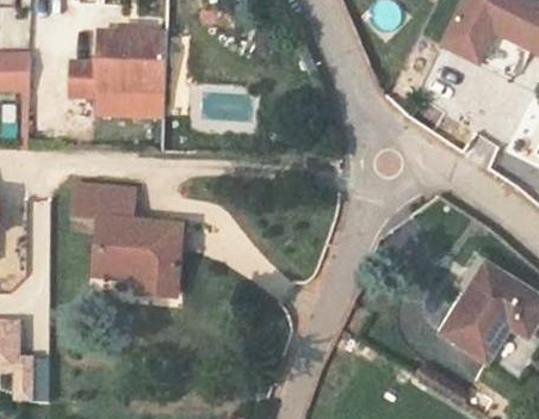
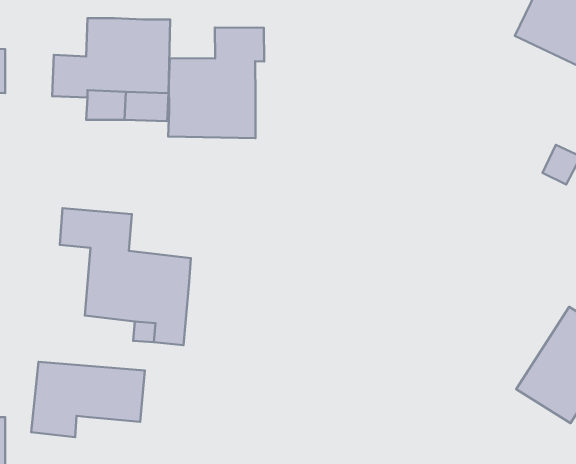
building: none -> [168,28,264,138]
building: none -> [31,362,145,437]

